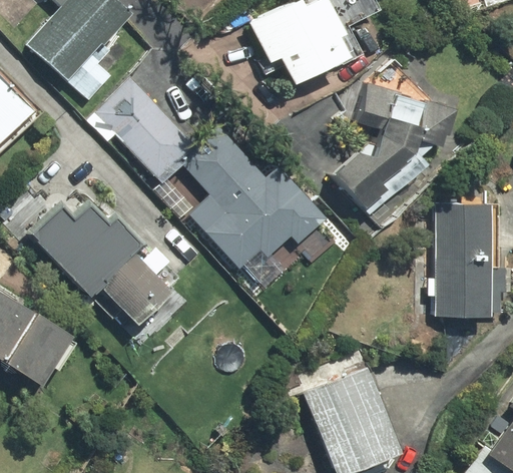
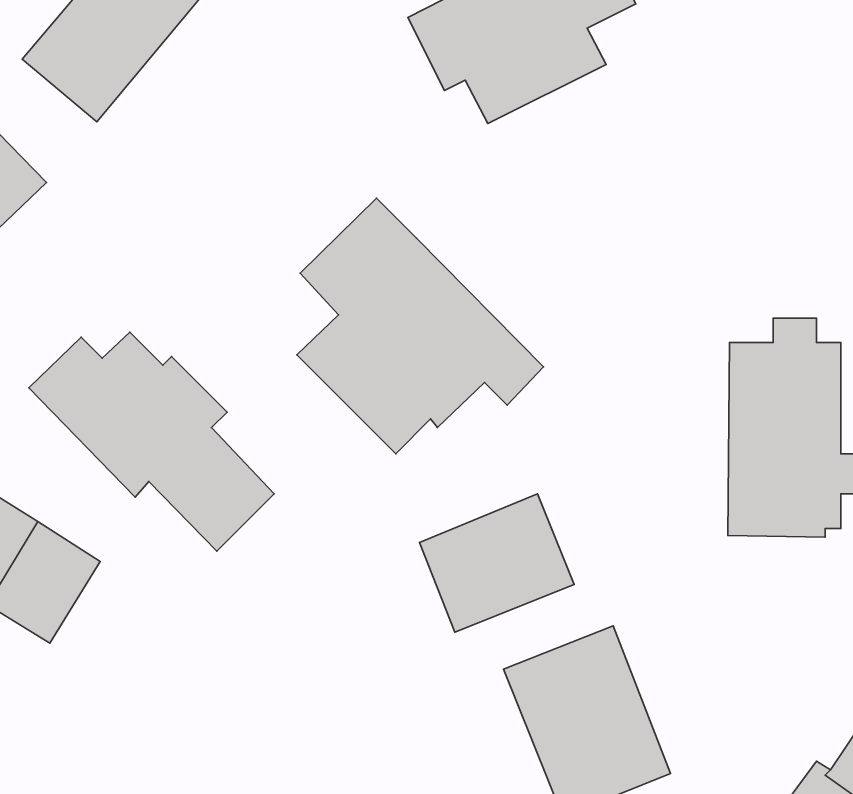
building: [92,78,199,184] -> none
building: [327,82,456,221] -> none
building: none -> [419,494,574,632]

